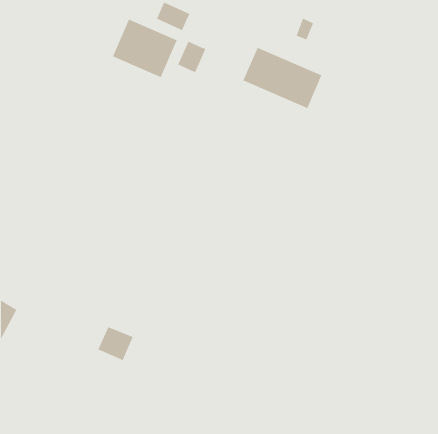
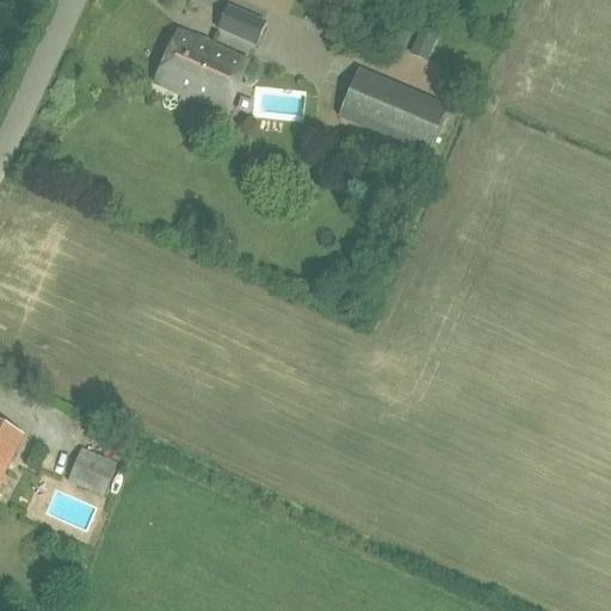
building: [177,41,206,73] -> none
building: [98,327,134,361] -> [67,445,117,493]

